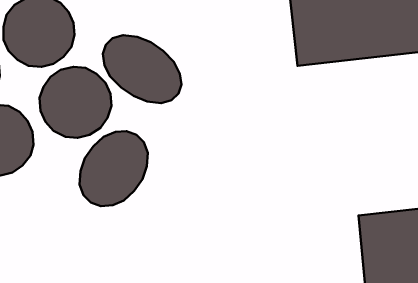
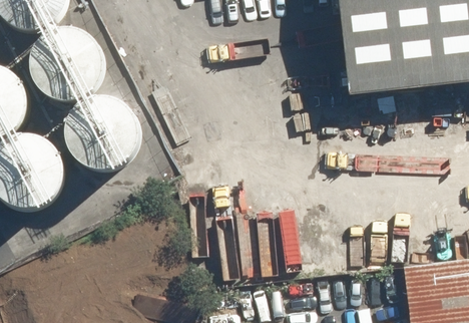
building: [103,35,181,103] -> none
building: [80,131,148,206] -> none

